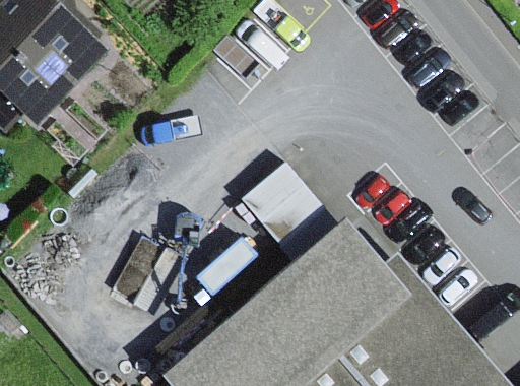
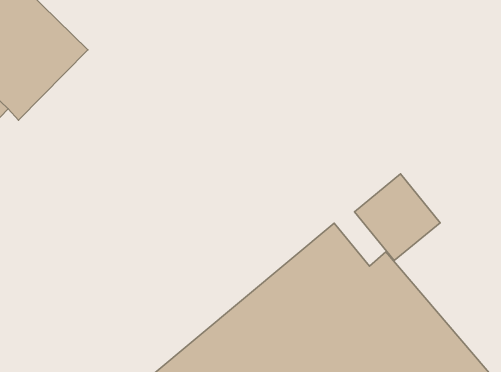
building: [243,160,328,247] -> [355,174,440,261]

